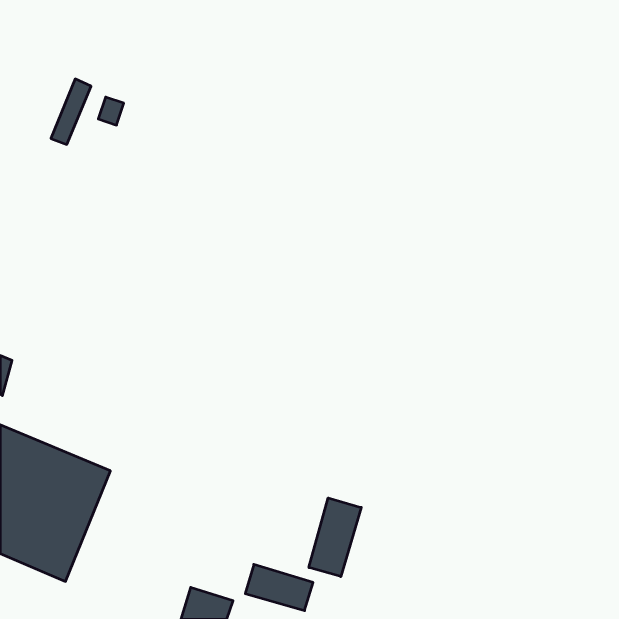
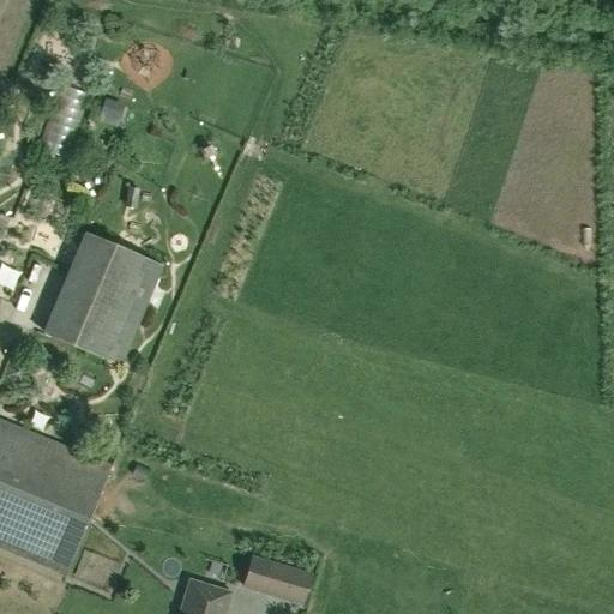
building: none -> [41,230,162,365]
building: [309,498,361,577] -> none

